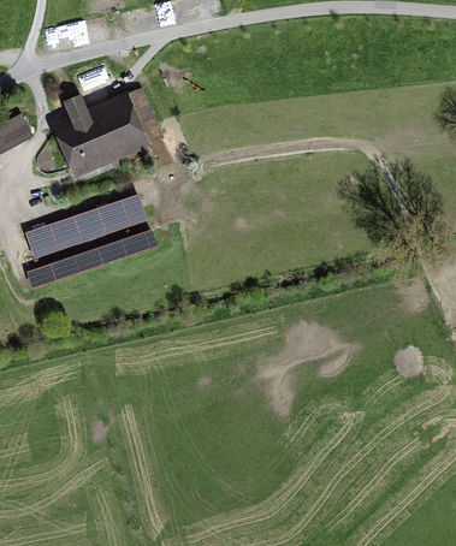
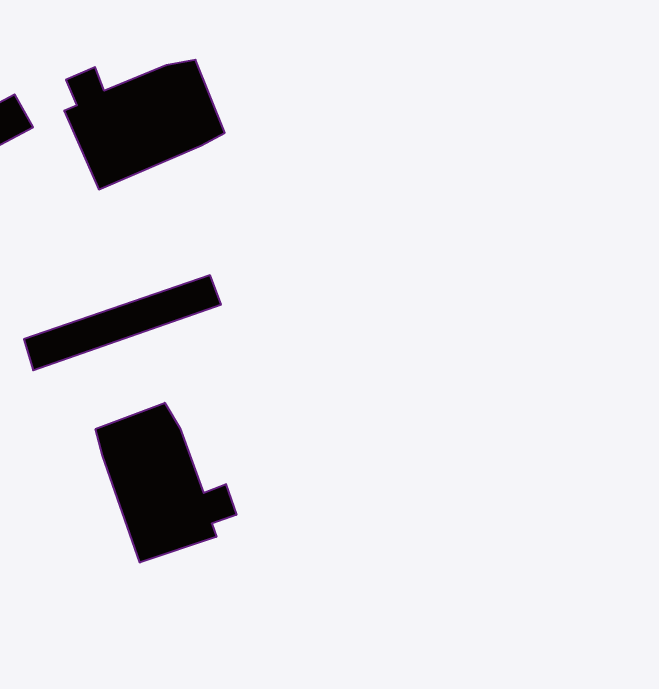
building: [25,196,146,259] -> none
building: none -> [96,403,236,563]

